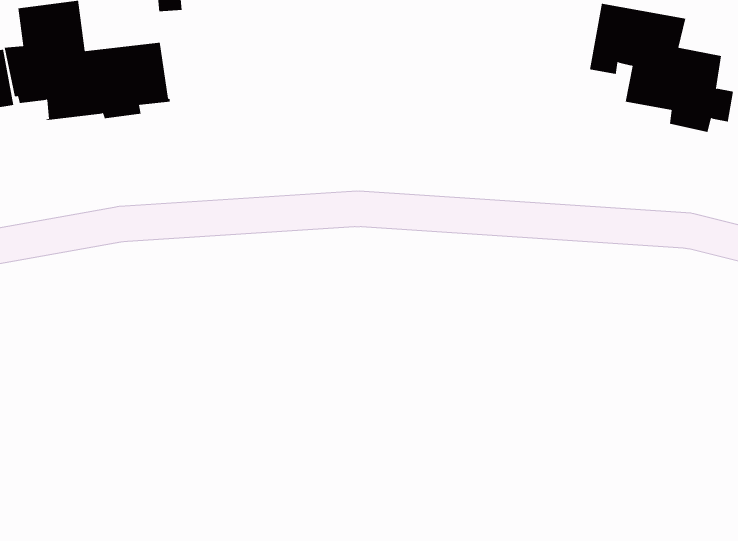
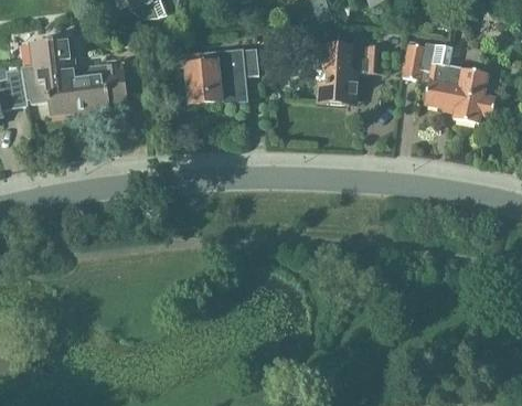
building: none -> [315,43,380,103]
building: none -> [174,49,257,103]

